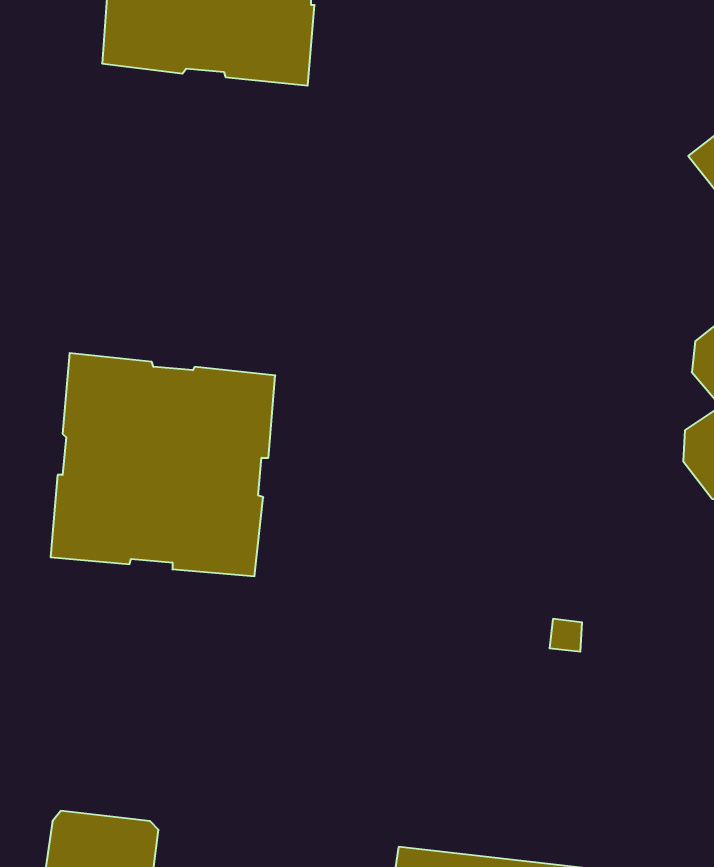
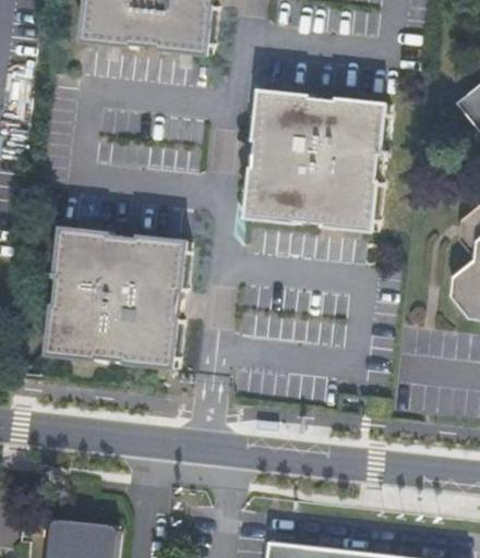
building: none -> [247,88,389,231]

